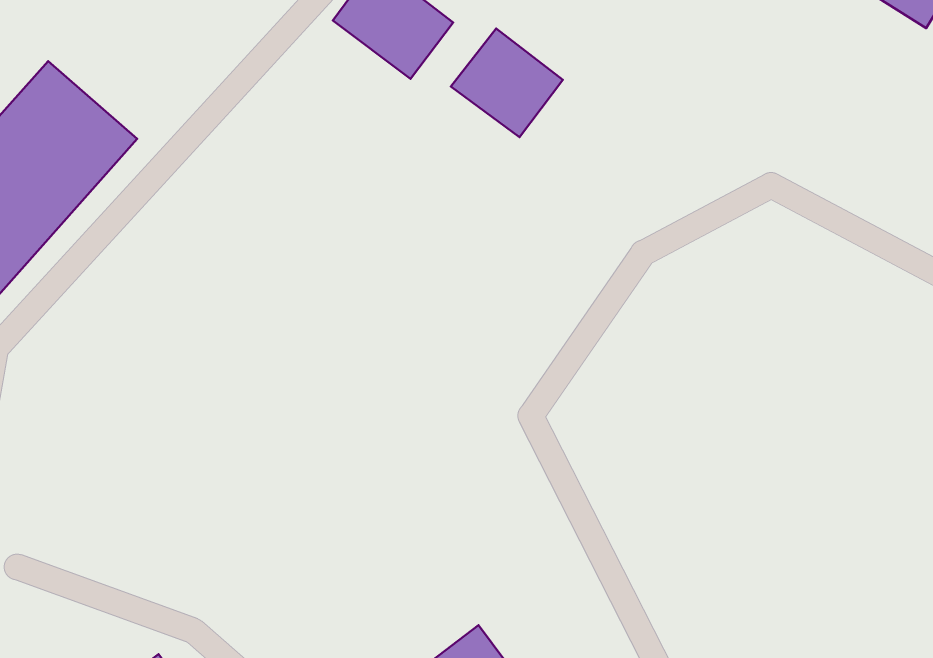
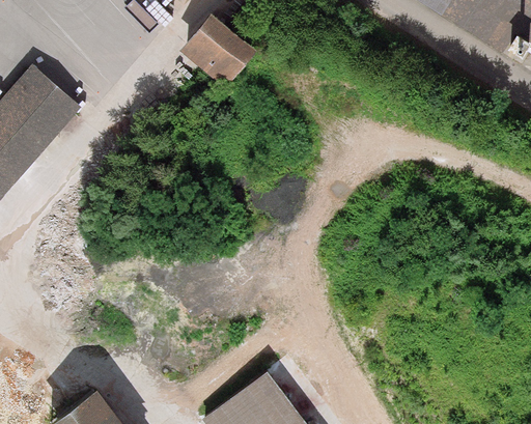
building: [451,29,563,137] -> none

